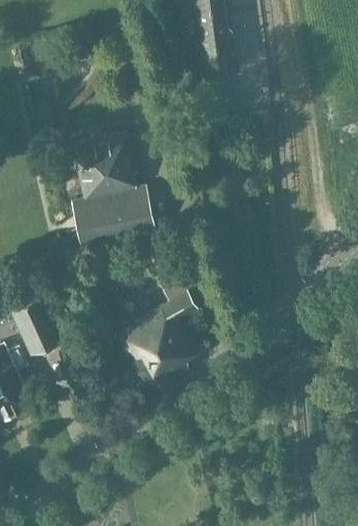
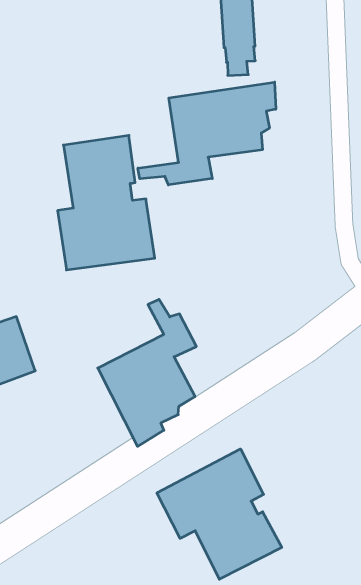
building: none -> [138,82,276,185]
building: none -> [157,449,282,579]

